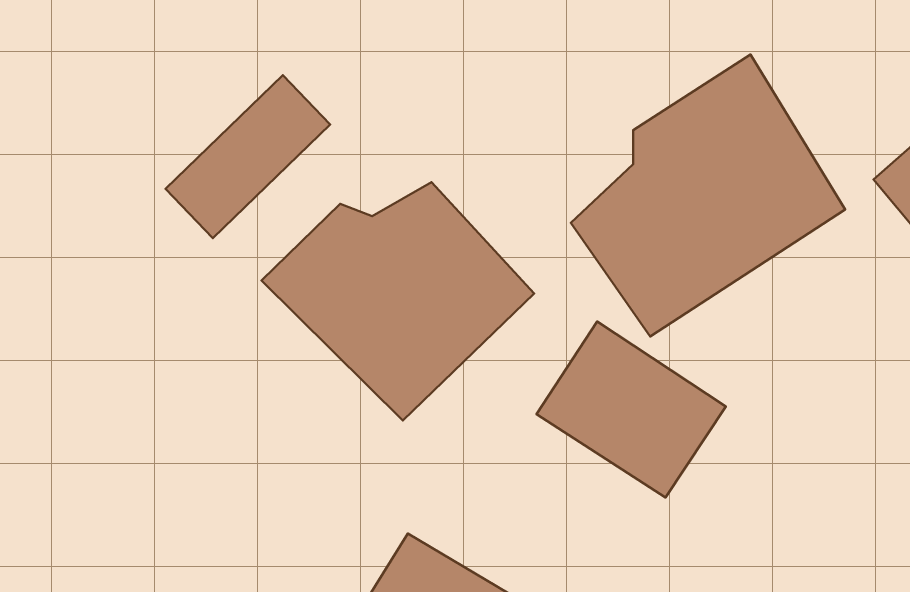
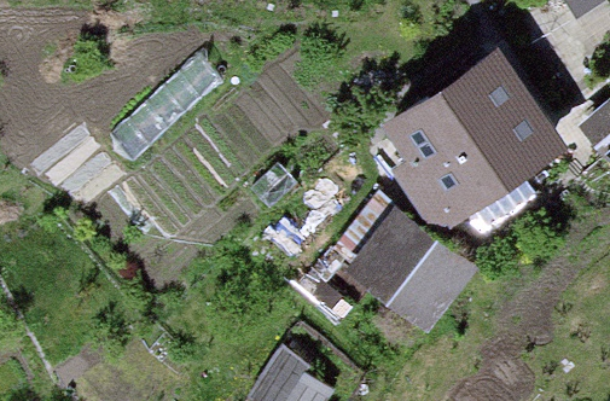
building: [262,182,534,421] -> none

